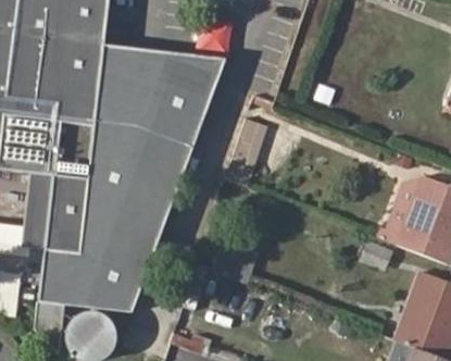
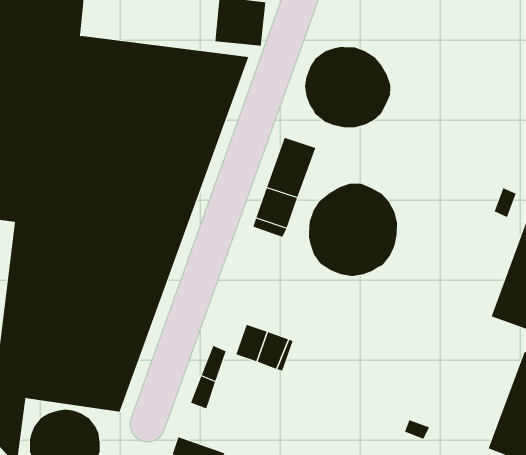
building: none -> [304,46,391,128]
building: none -> [308,183,398,277]

